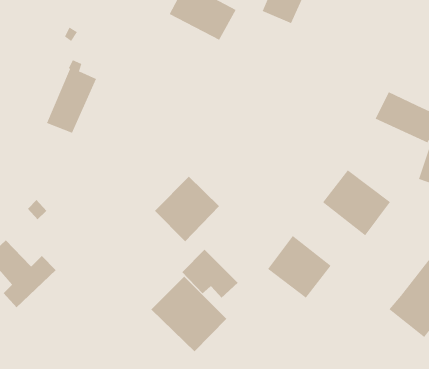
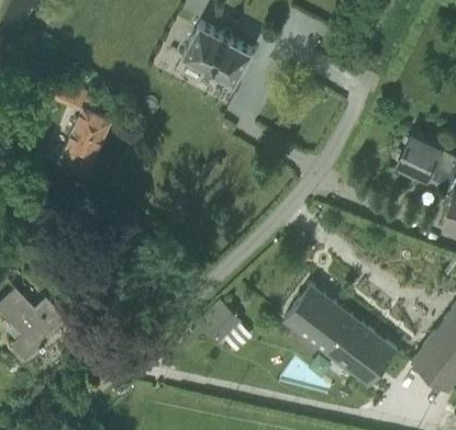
building: [322,169,391,236] -> [325,317,397,386]
building: [154,176,220,242] -> none
building: [150,276,227,352] -> none

